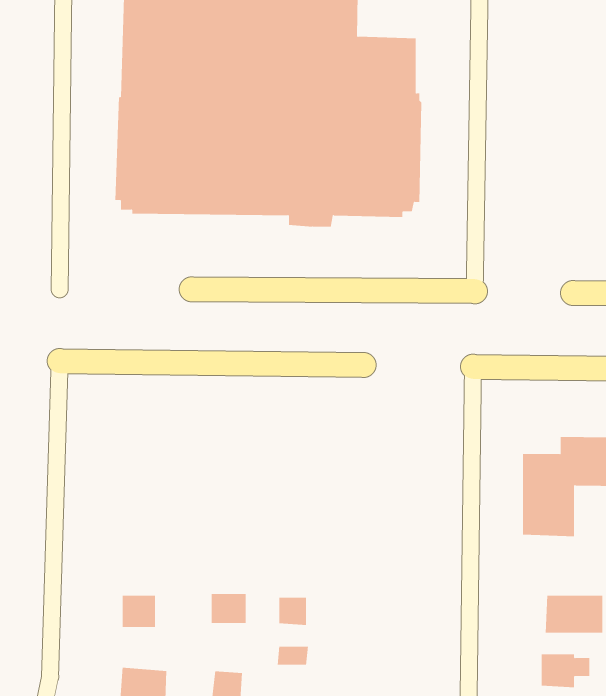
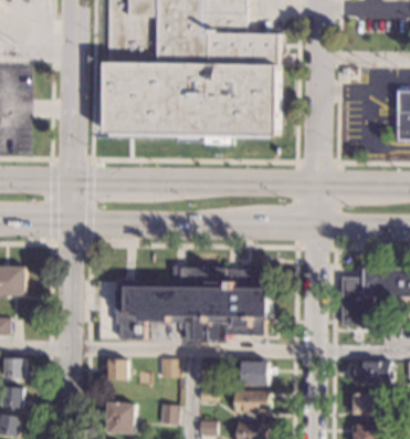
building: none -> [117,264,270,338]
building: none -> [241,360,269,384]
building: none -> [234,389,269,412]

